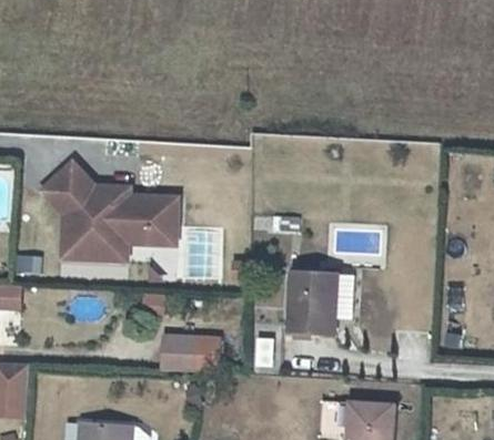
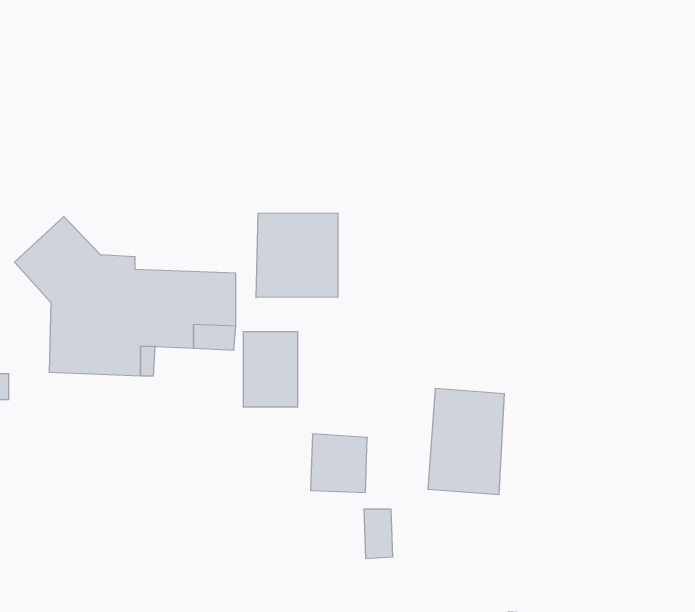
building: none -> [256,213,338,298]
building: [165,335,200,370] -> [311,434,367,492]

